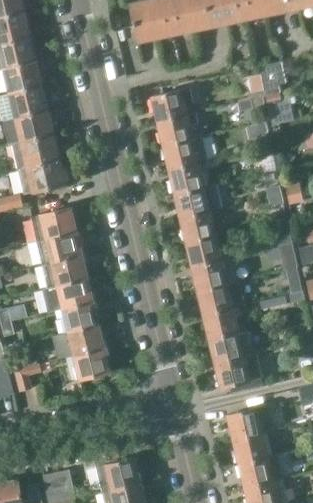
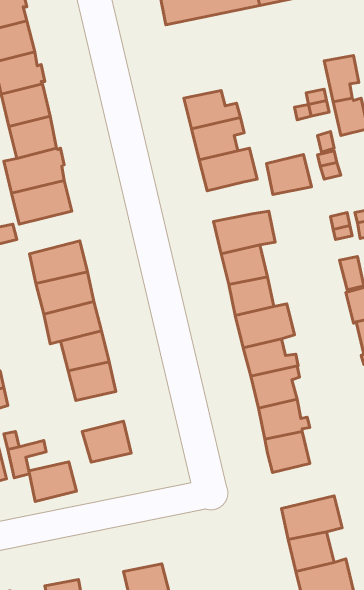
building: [169,161,204,192] -> [266,155,311,195]
building: [67,324,104,355] -> [29,462,76,502]

